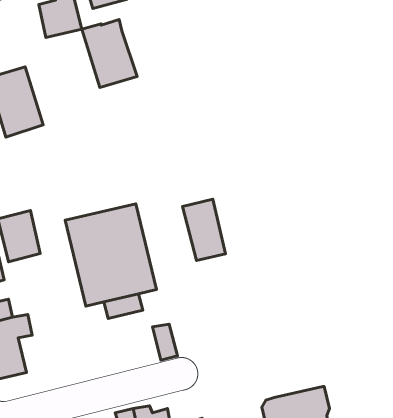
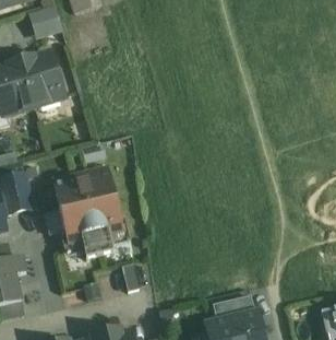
building: [82,20,137,87] -> [21,51,64,105]
building: [183,199,226,261] -> none
building: none -> [213,294,255,320]

